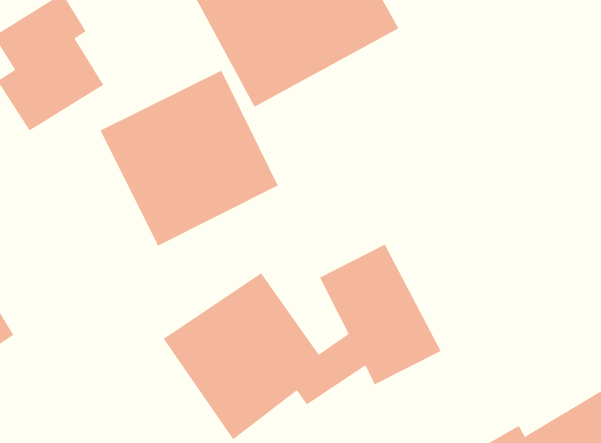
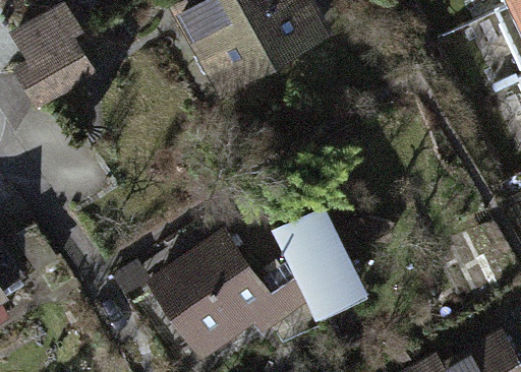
building: [100,70,279,247] -> none

